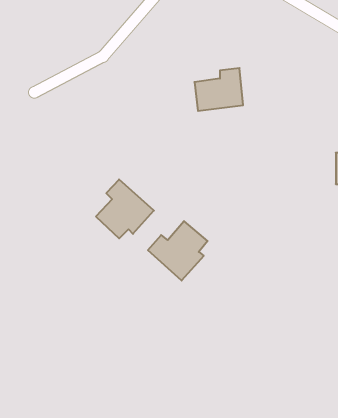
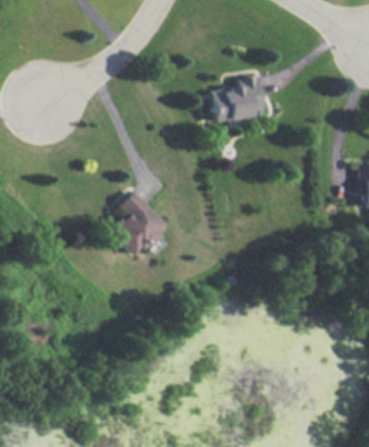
building: [148,221,208,281] -> none

